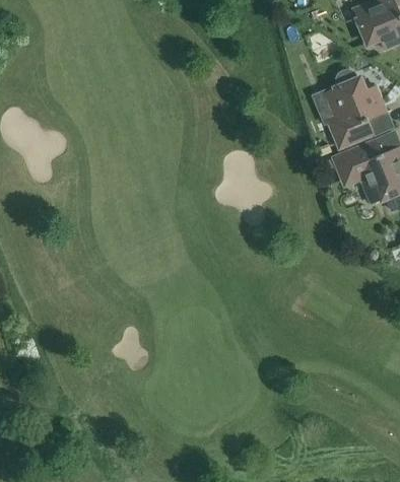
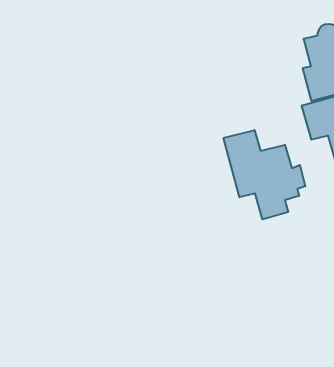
building: none -> [224,130,305,219]

